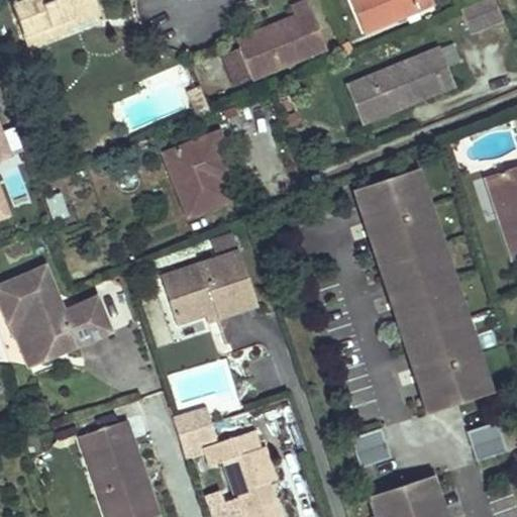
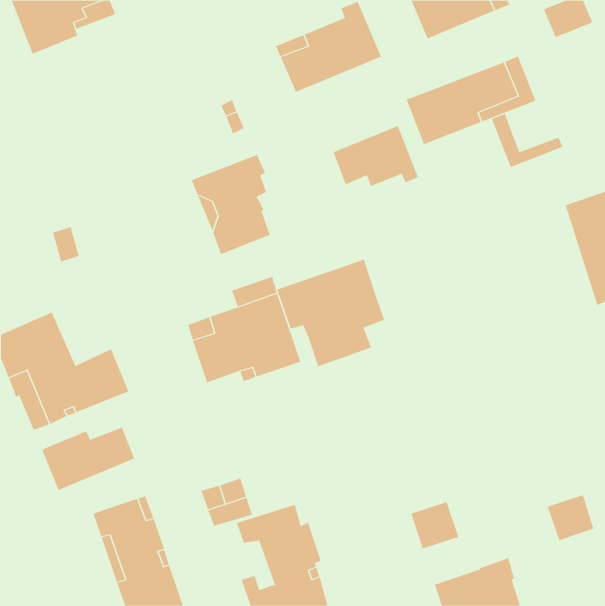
building: none -> [491,113,563,168]
building: none -> [333,125,418,187]
building: [352,171,490,414] -> none
building: none -> [276,259,385,367]
building: none -> [41,427,135,491]

